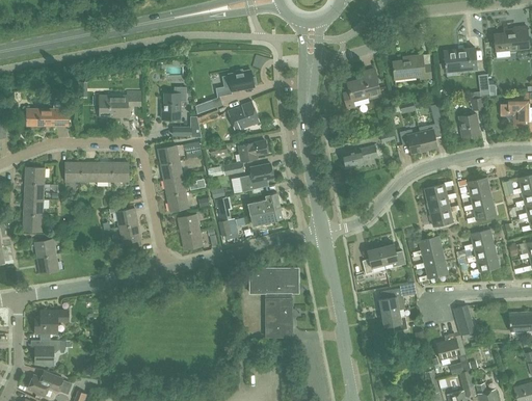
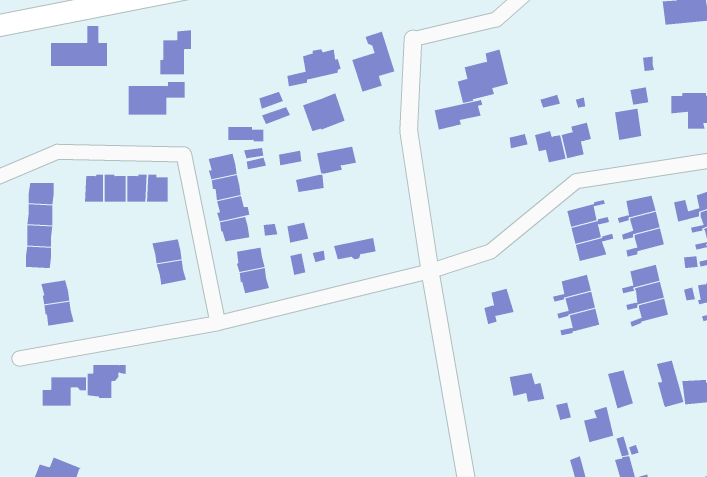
building: [444,46,477,71] -> none
building: [393,54,431,80] -> none
building: none -> [352,31,395,93]
building: [162,86,186,119] -> [160,30,192,75]
building: [26,96,69,126] -> [50,26,108,66]
building: [342,144,378,167] -> [434,99,483,130]
building: [240,163,274,191] -> none
building: [248,193,281,214] -> none
building: [379,242,405,267] -> none
building: [250,268,298,336] -> none
building: [376,287,404,311] -> none
building: none -> [656,360,684,408]
building: [35,340,64,365] -> [87,365,126,398]

